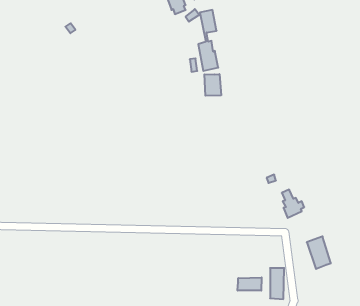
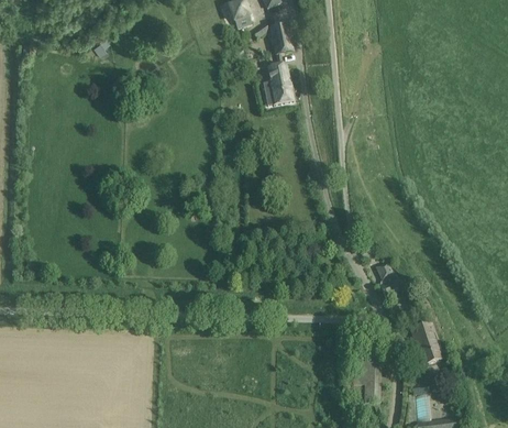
building: [204,74,221,96] -> none
building: [238,277,262,291] -> none

